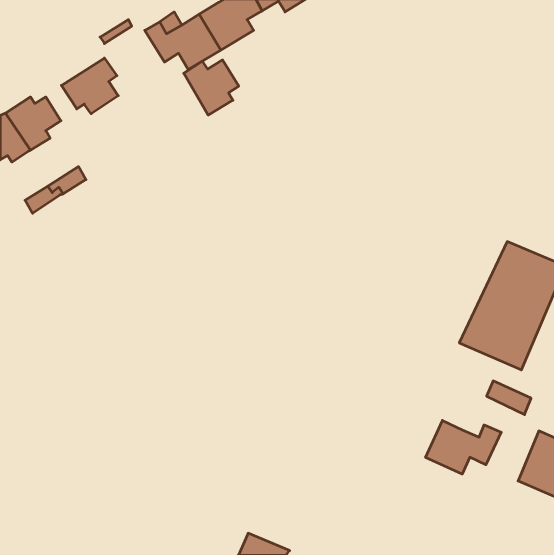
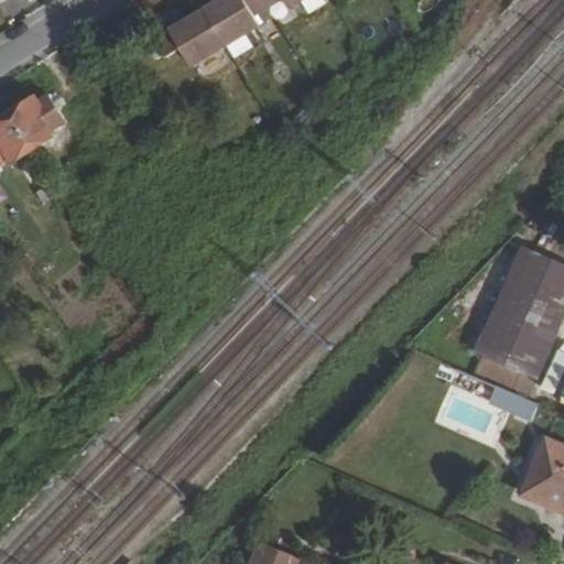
building: [61,58,118,114] -> none
building: [184,60,239,115] -> none
building: [426,420,501,474] -> none

